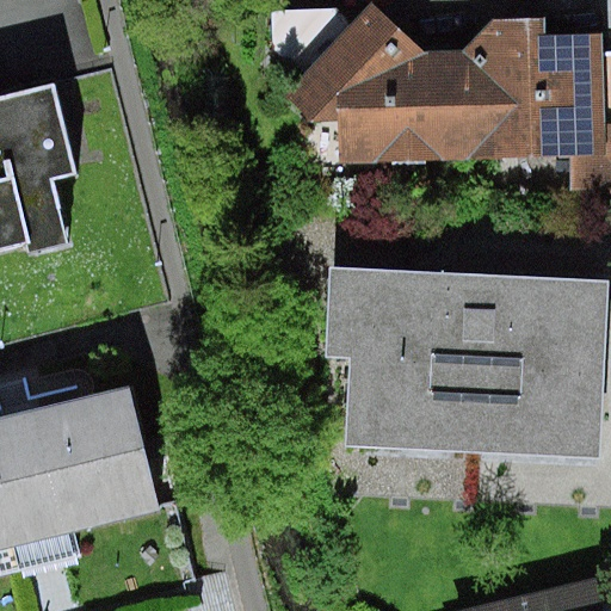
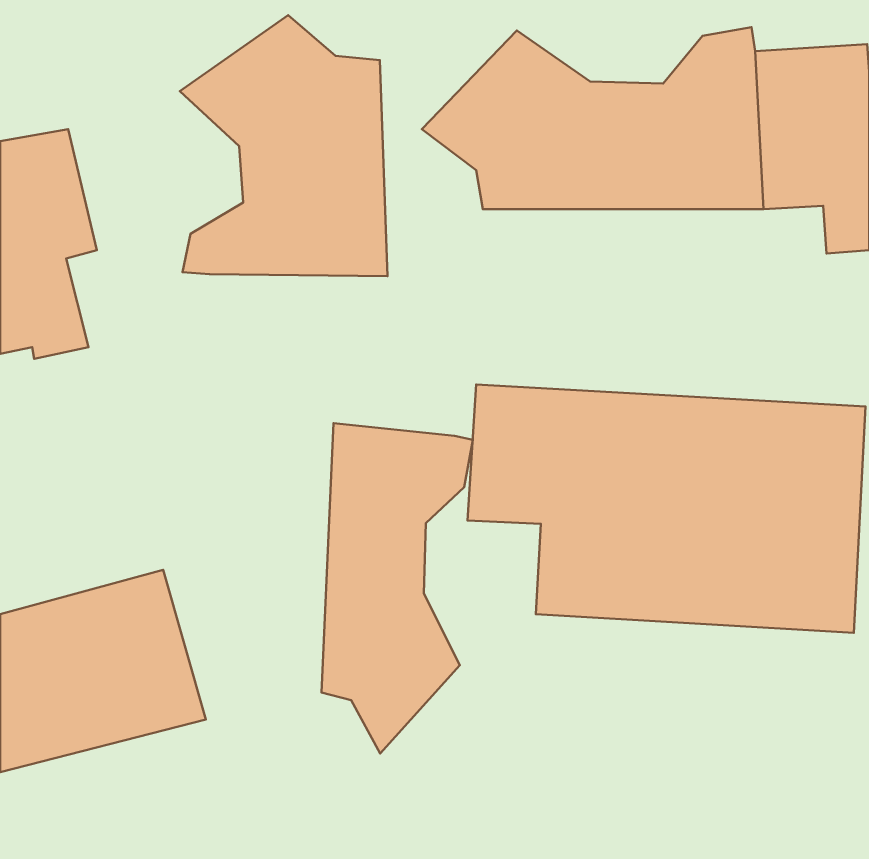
building: none -> [180,15,388,276]
building: none -> [321,423,473,754]

